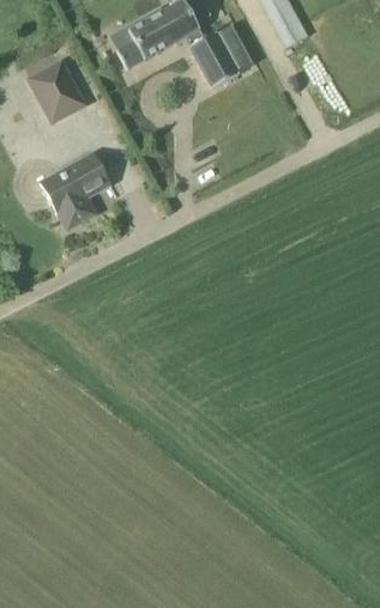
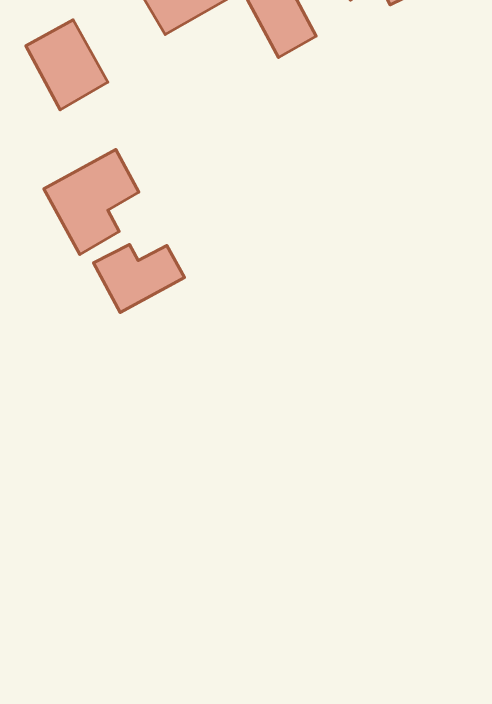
building: none -> [93,244,185,313]

